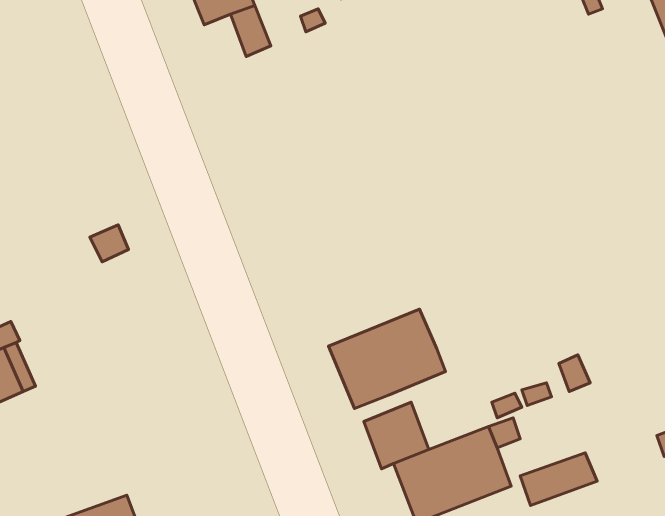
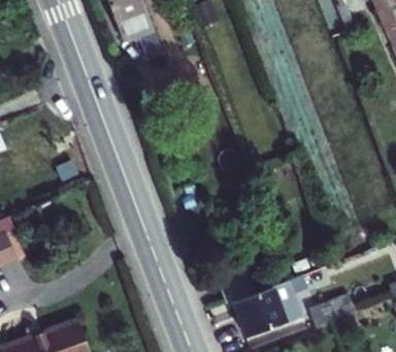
building: [329,309,445,409] -> none

